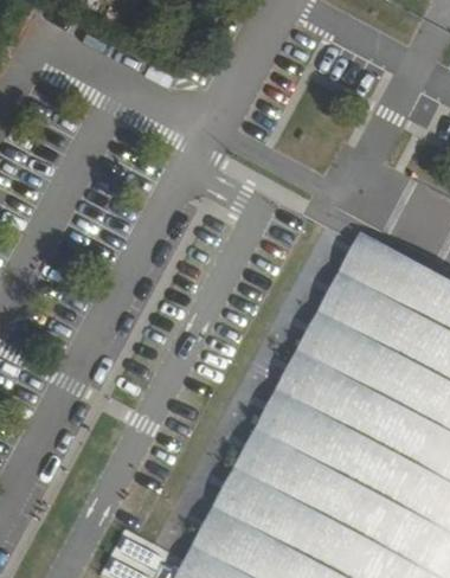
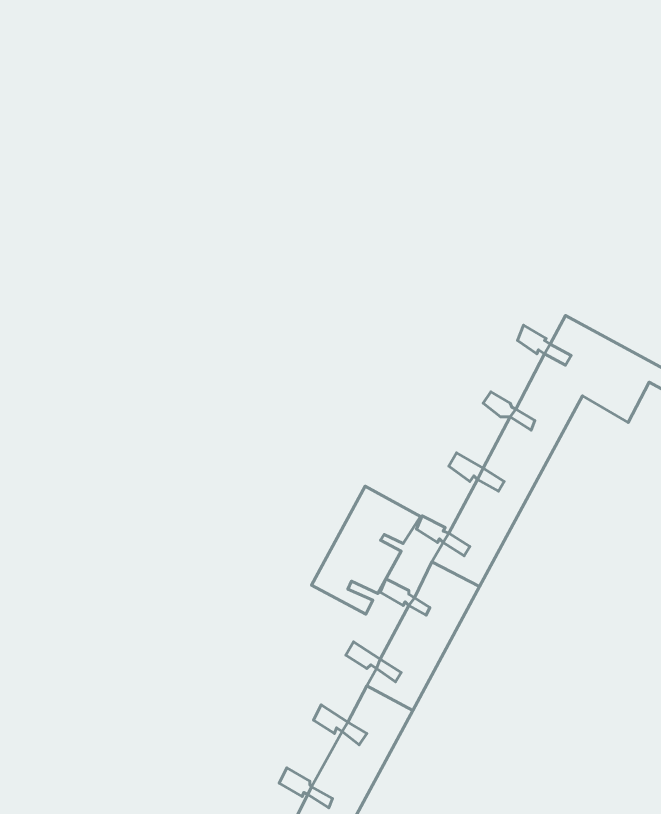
building: none -> [312,486,421,614]

